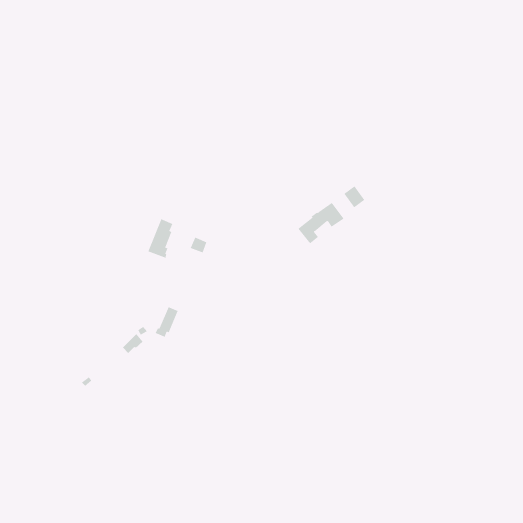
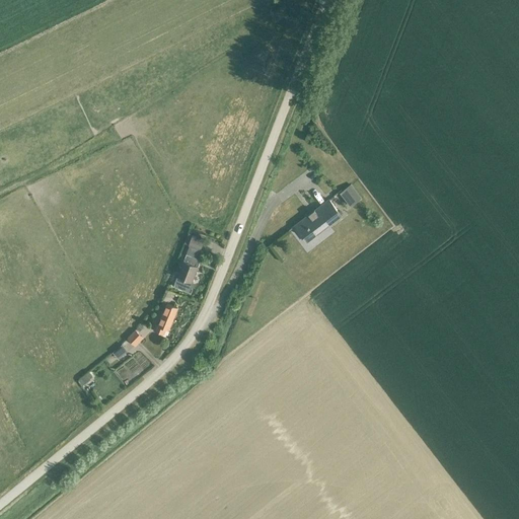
building: [148,219,173,259] -> [172,254,198,294]

